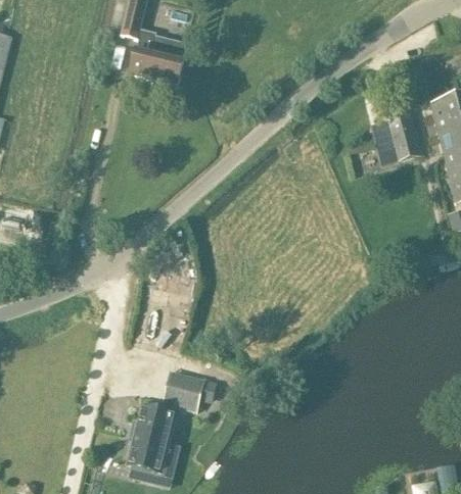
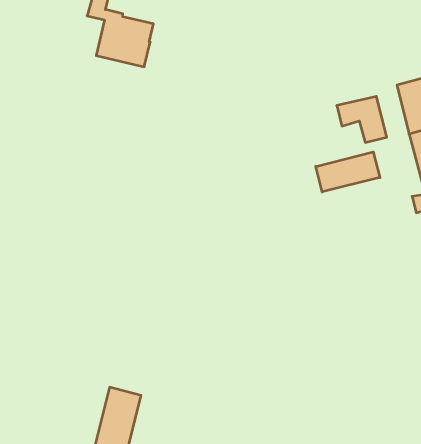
building: none -> [316,152,380,192]
building: [164,372,202,409] -> none

